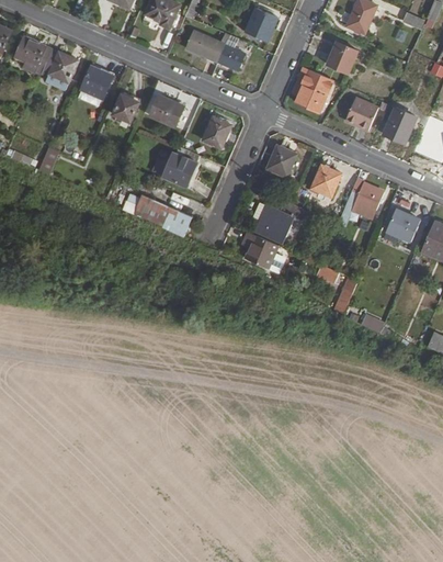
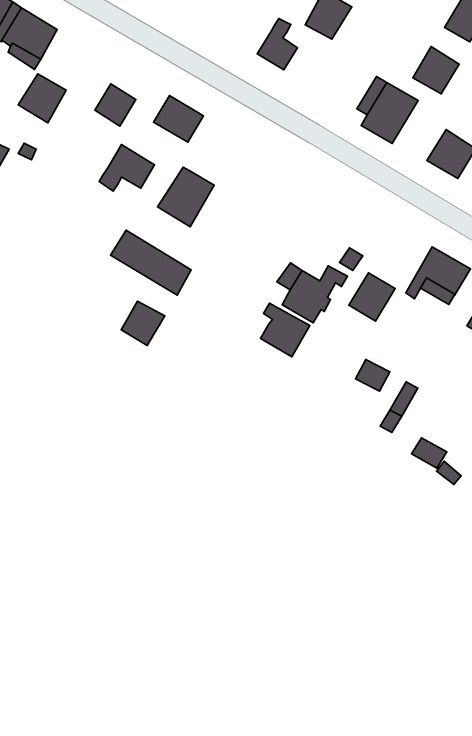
building: [197,32,229,60] -> none
building: [80,67,112,100] -> [18,74,66,123]
building: [202,115,230,147] -> none
building: none -> [99,144,154,191]
building: [265,144,296,177] -> none
building: [309,164,340,196] -> [349,273,395,321]
building: none -> [121,301,165,346]

